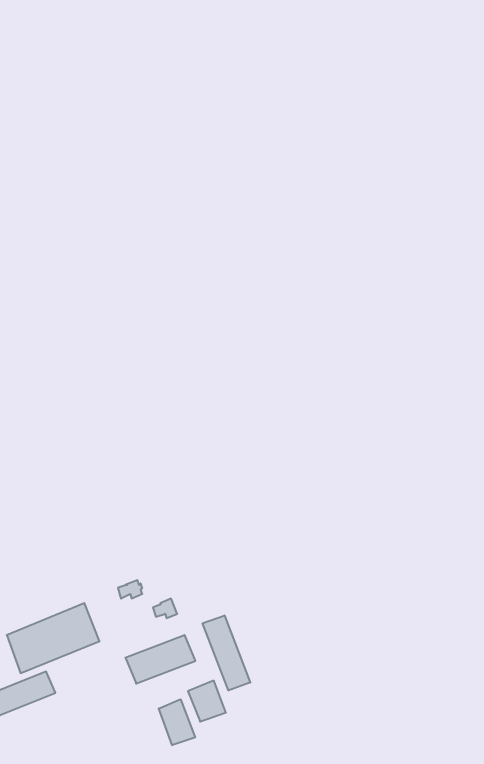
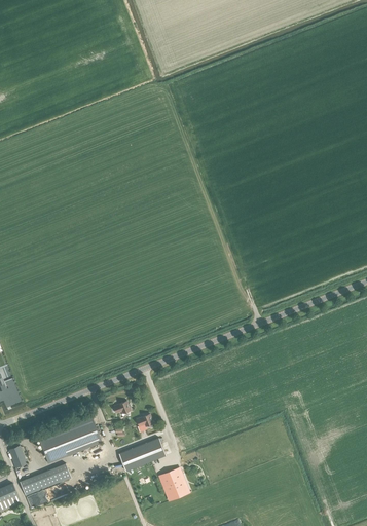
building: [203,615,250,690] -> none
building: [159,699,195,745] -> none

